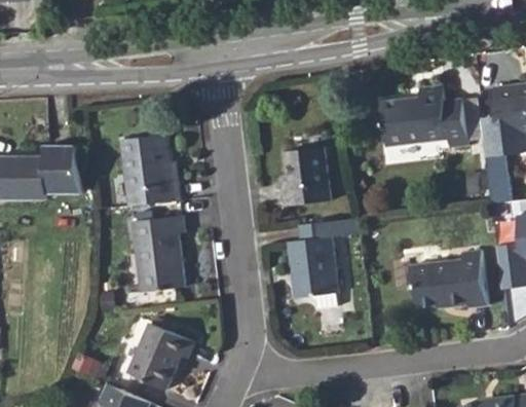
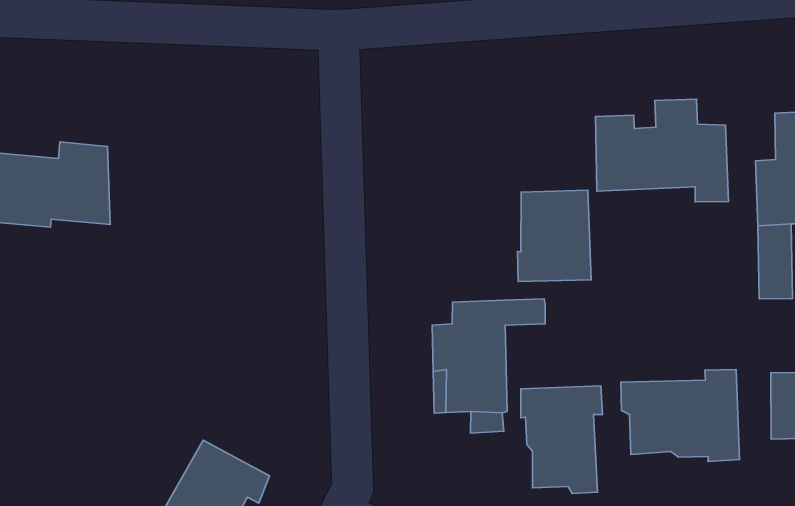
building: [124,132,182,201] -> none
building: [281,144,330,205] -> [517,190,591,281]
building: [135,216,185,292] -> none
building: none -> [521,386,603,493]

